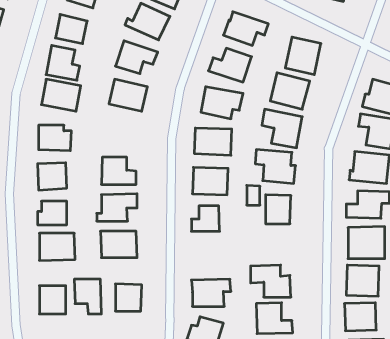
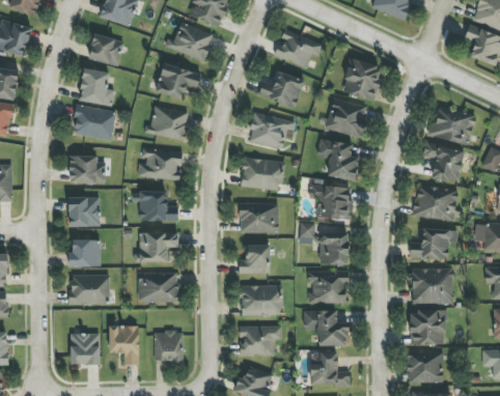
building: none -> [138,148,183,179]
building: none -> [308,271,348,303]
building: none -> [241,285,282,315]

